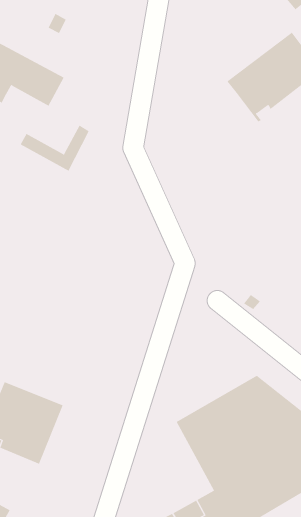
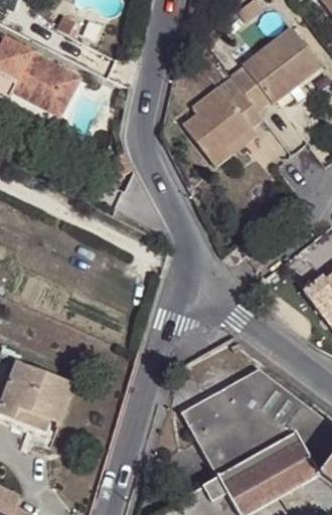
building: none -> [182,85,260,166]
building: [20,125,89,172] -> [15,76,82,122]

